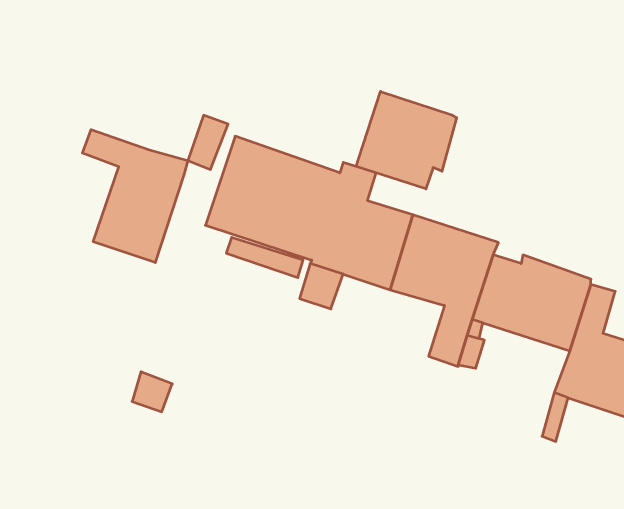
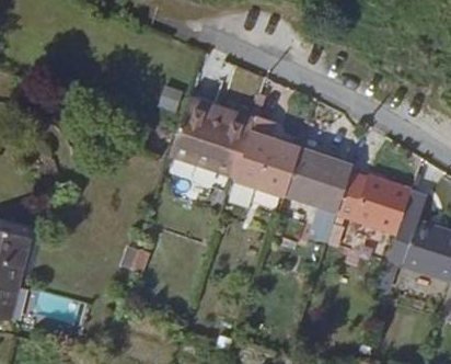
building: [356,91,457,189] -> none
building: [82,130,188,263] -> none

